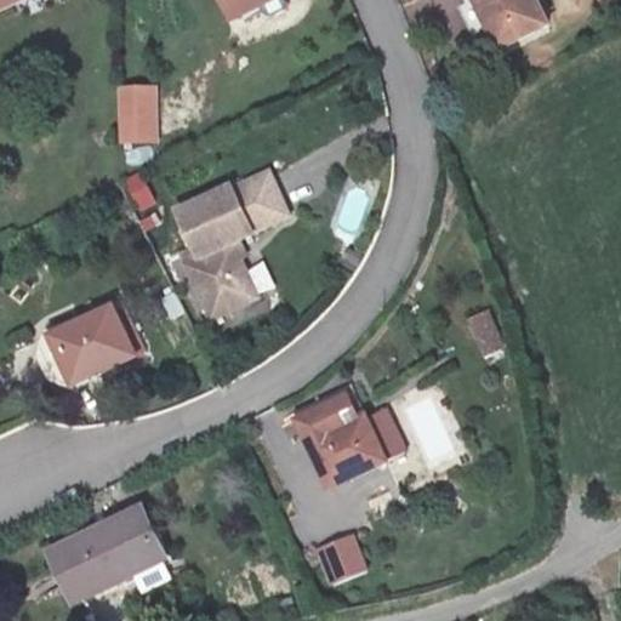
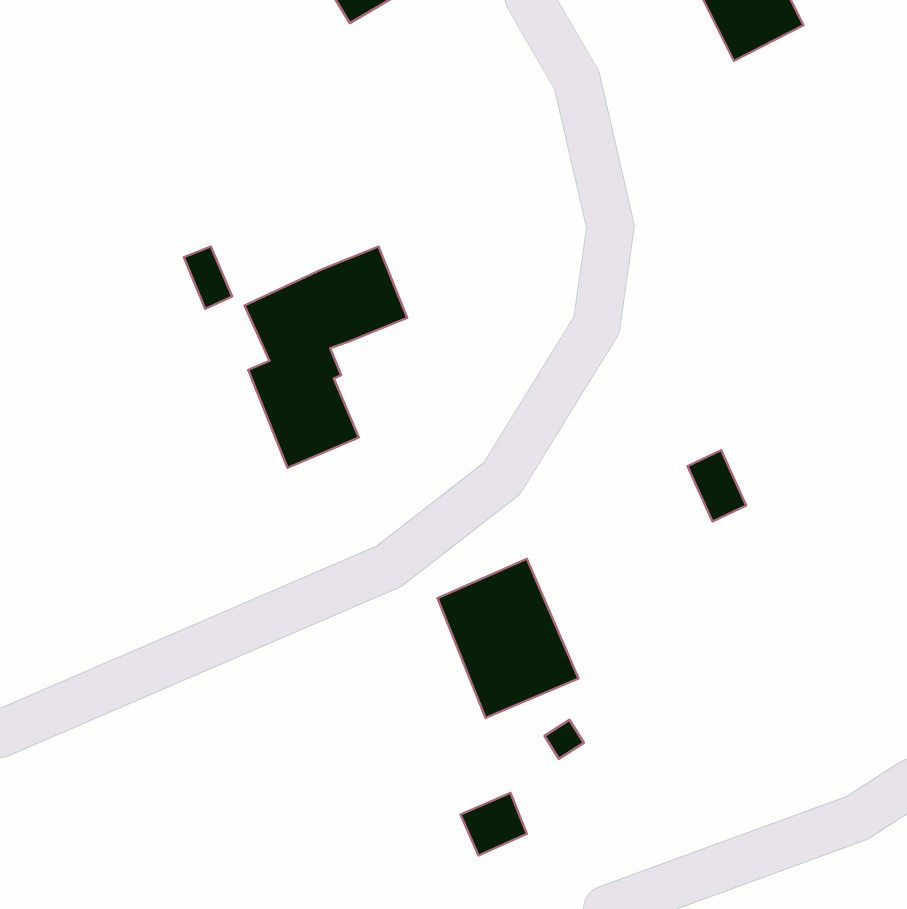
building: [121,84,156,137] -> none
building: [51,302,138,380] -> none
building: [42,512,165,604] -> none

